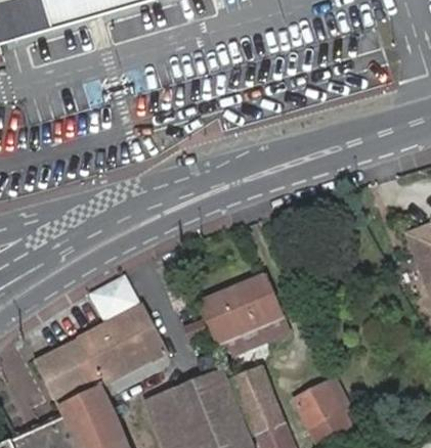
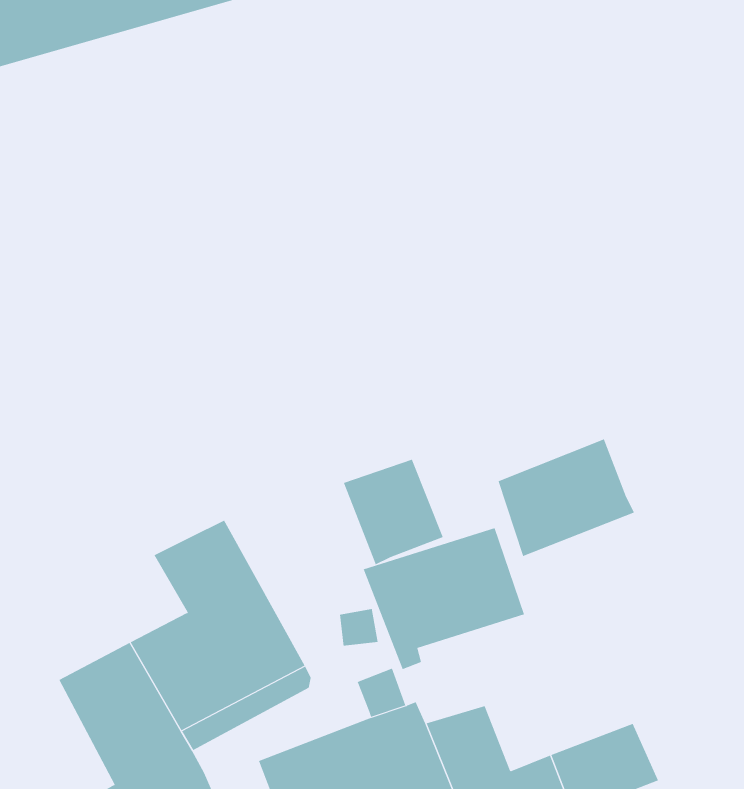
building: none -> [498,439,635,557]
building: none -> [343,459,443,565]

